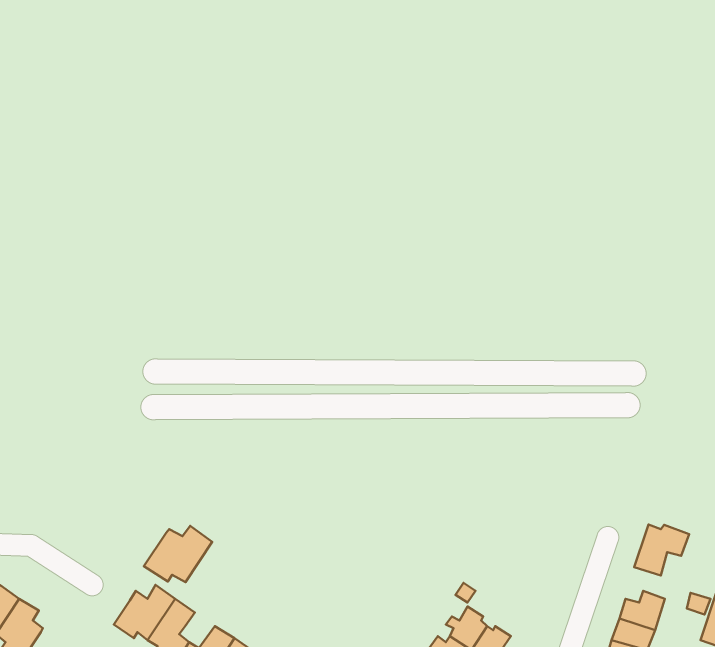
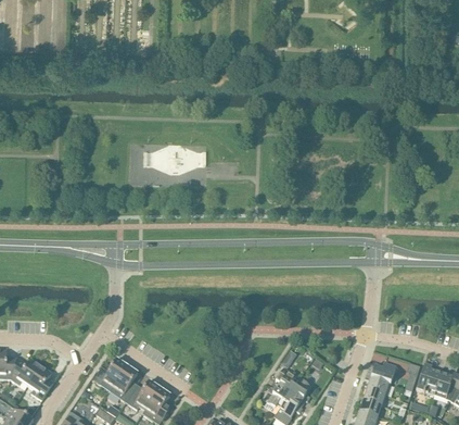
building: [634,525,689,575] -> none
building: [144,526,212,582] -> none

